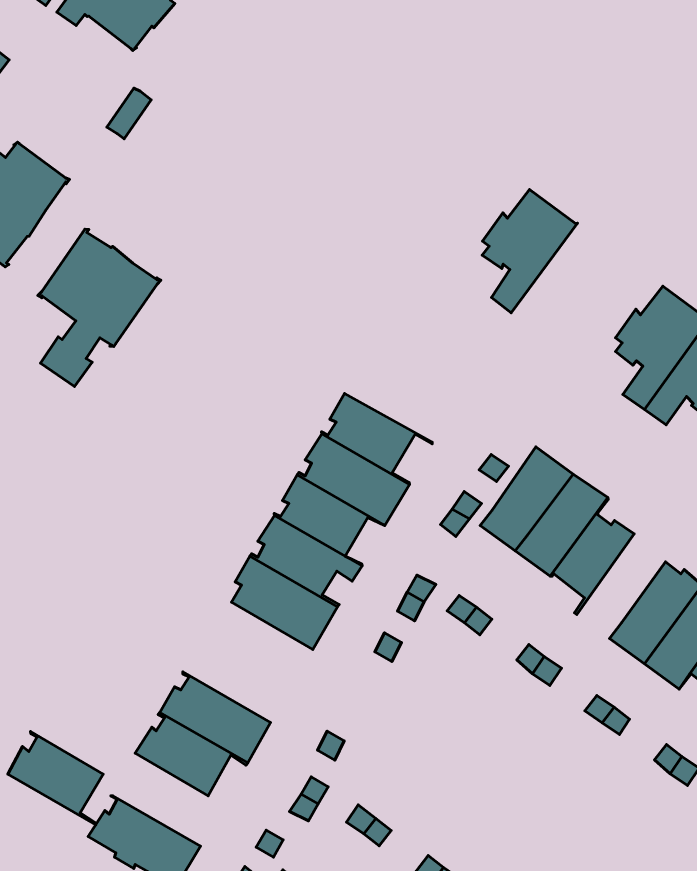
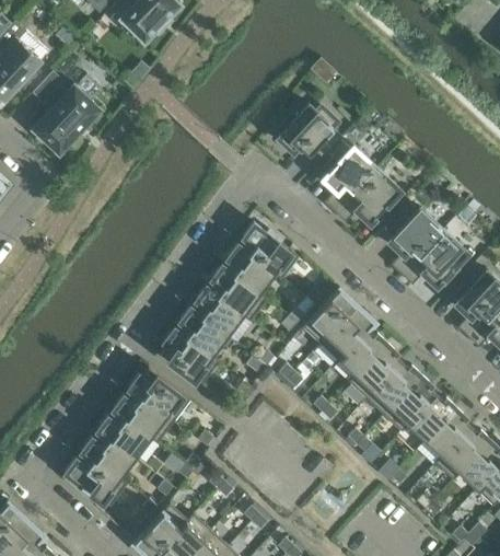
building: none -> [277,104,341,159]
building: none -> [334,167,399,222]
building: [38,229,161,386] -> none
building: none -> [236,223,298,278]
building: none -> [349,343,402,398]
building: none -> [128,368,189,421]
building: [8,732,103,825] -> [81,429,133,485]

